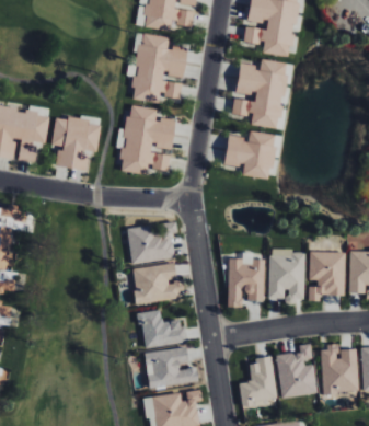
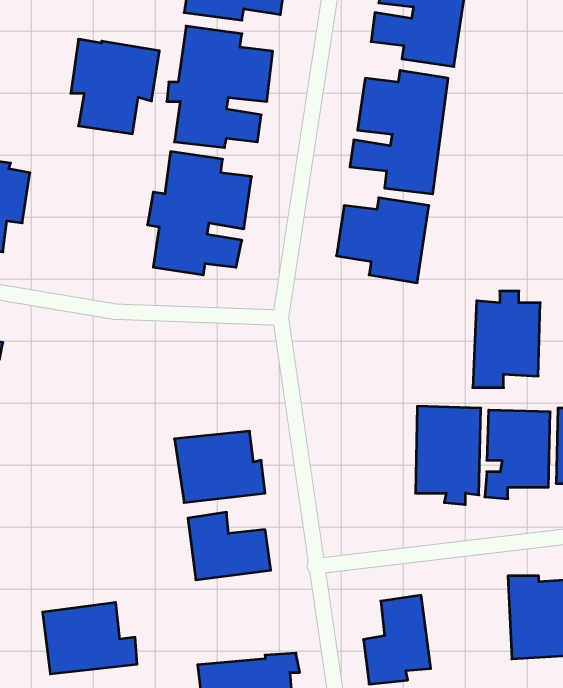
building: [50,117,101,171] -> [71,39,159,134]
building: [127,222,177,265] -> none
building: [227,253,265,308] -> [473,291,540,388]
building: [275,343,318,398] -> none
building: [145,347,198,388] -> [43,602,137,674]

